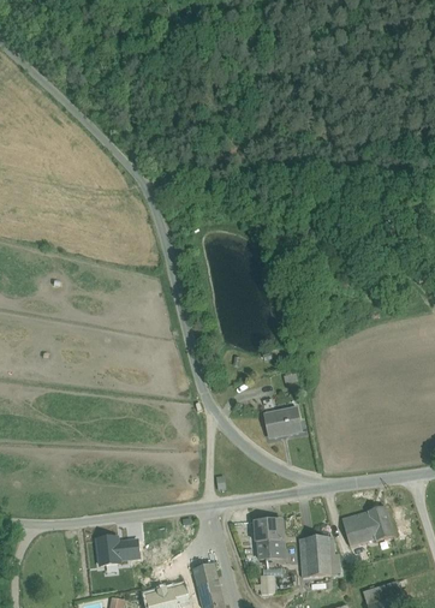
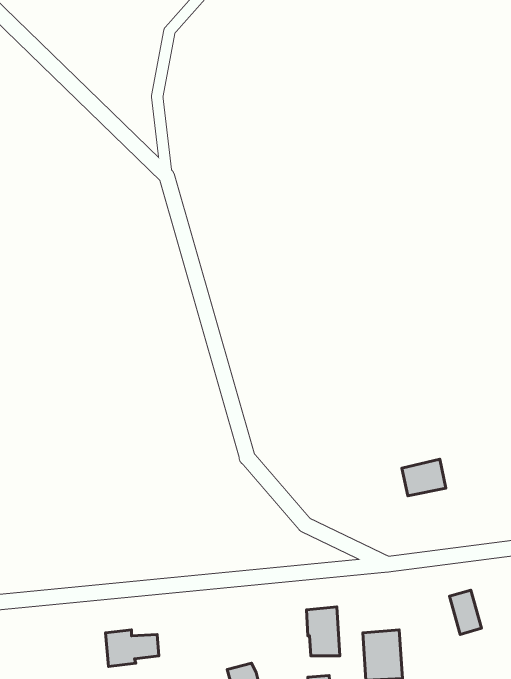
building: [264,409,299,437] -> [402,459,446,496]
building: [341,511,379,556] -> none

